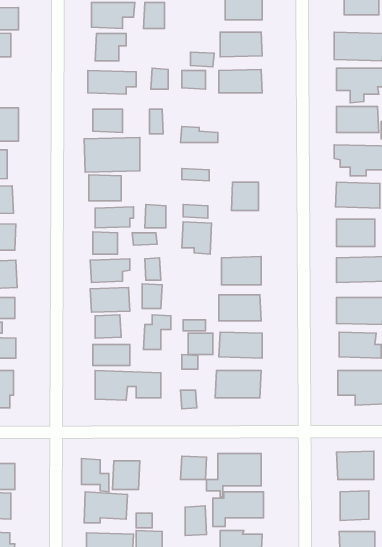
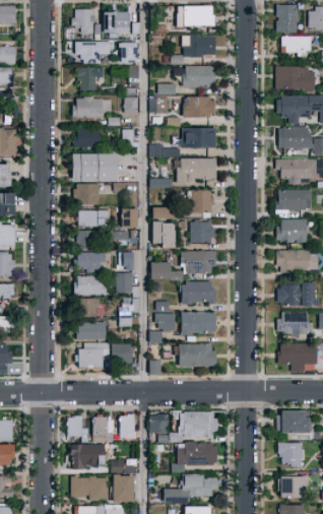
building: none -> [182,126,216,147]
building: none -> [177,157,216,183]
building: none -> [191,221,214,243]
building: none -> [150,261,172,279]
building: [185,506,206,536] -> [120,413,137,438]

